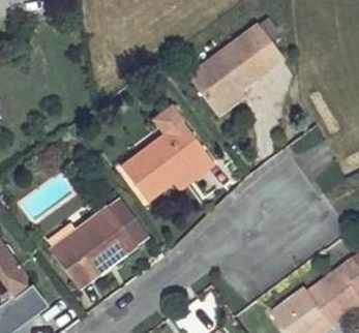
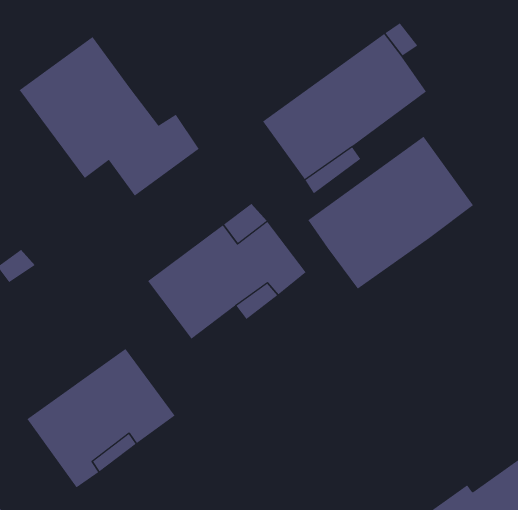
building: none -> [19,36,200,197]
building: none -> [307,136,474,290]

